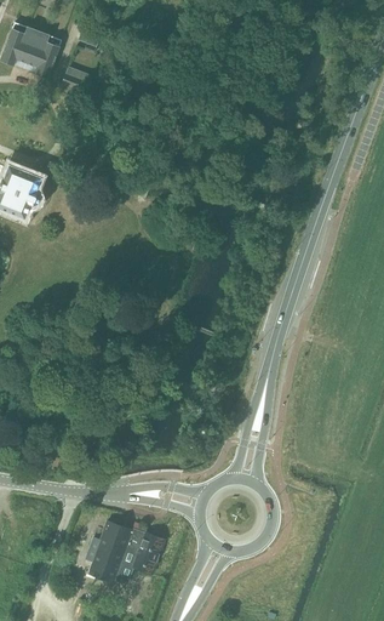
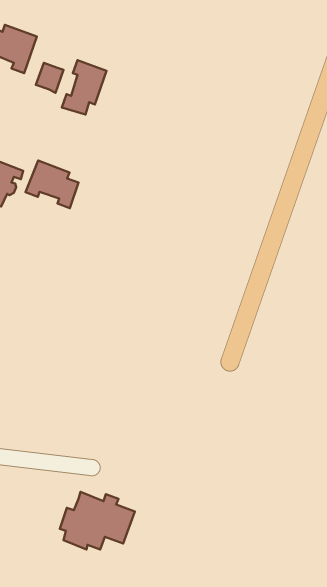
building: none -> [62,60,107,115]
building: none -> [25,160,78,208]

